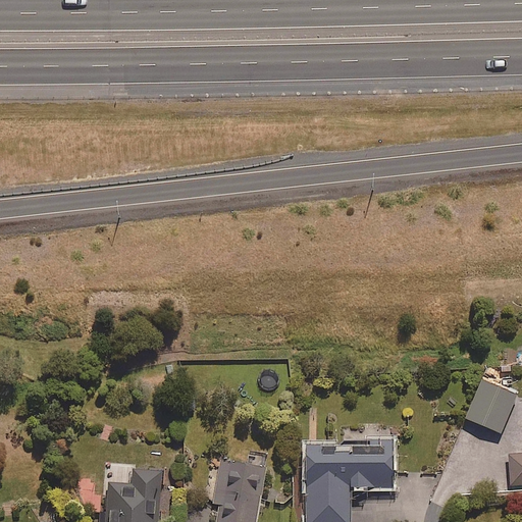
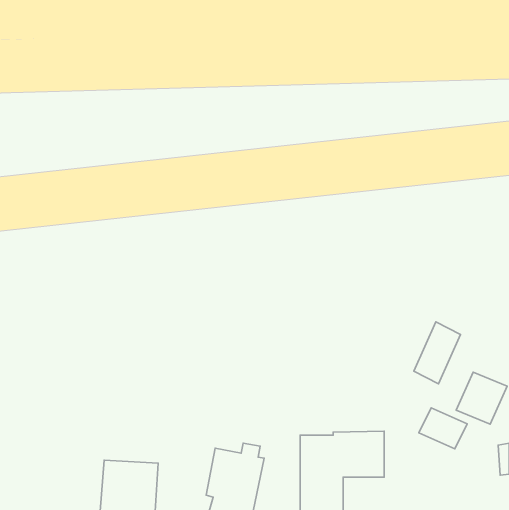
building: none -> [414,322,461,384]
building: none -> [419,408,467,449]

